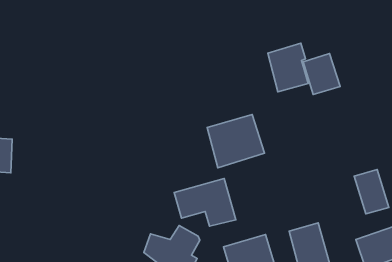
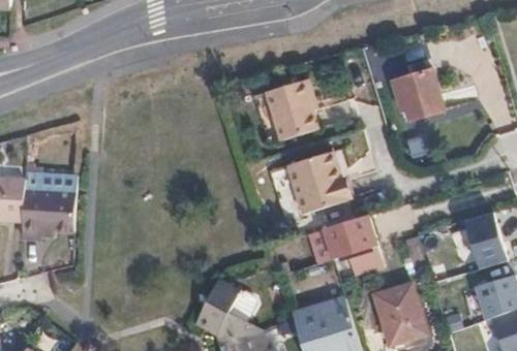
building: [268,43,308,92] -> [269,73,320,134]
building: none -> [24,170,81,237]
building: [174,179,236,226] -> [305,215,383,275]

